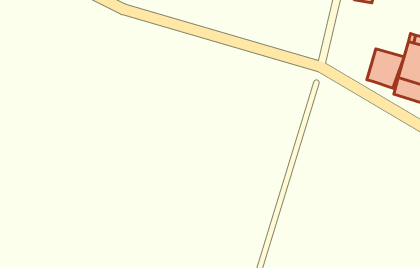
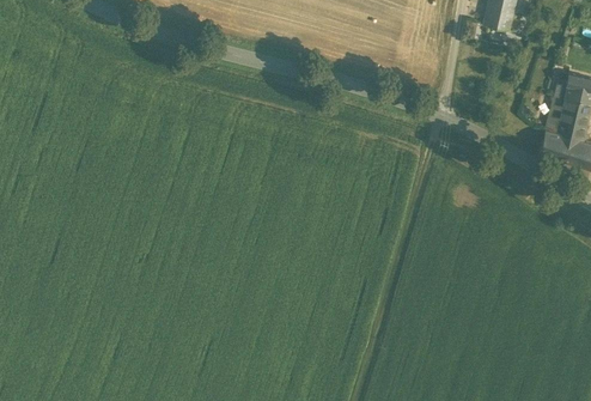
building: [367,49,404,88] -> none

